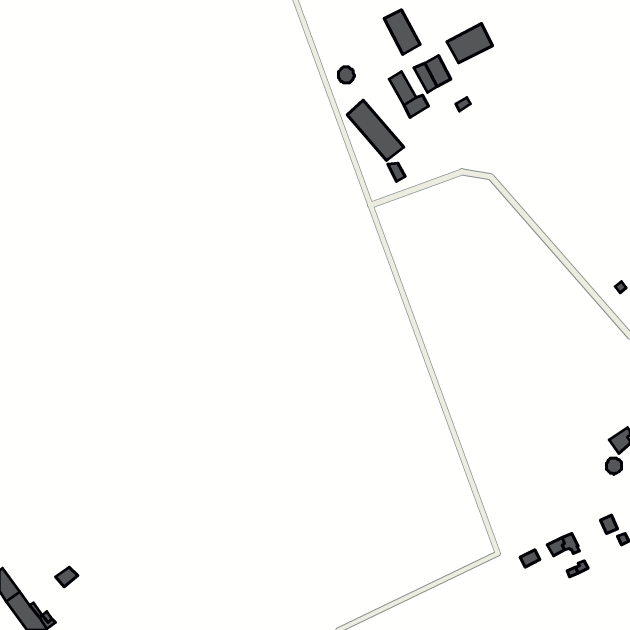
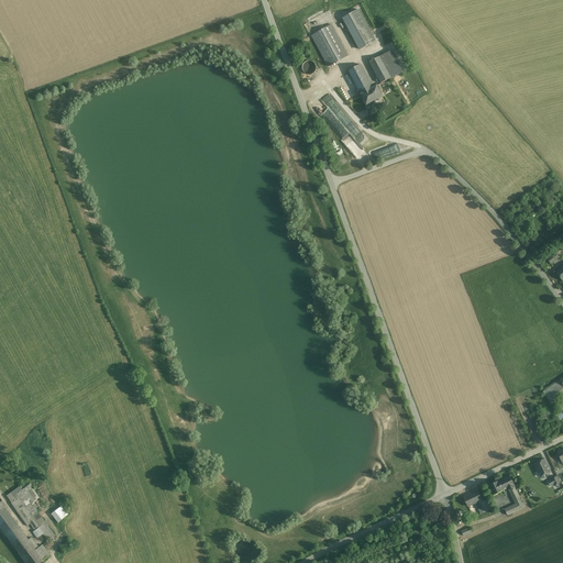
building: [447,23,492,63] -> none
building: none -> [311,23,347,65]
building: none -> [7,484,55,540]

